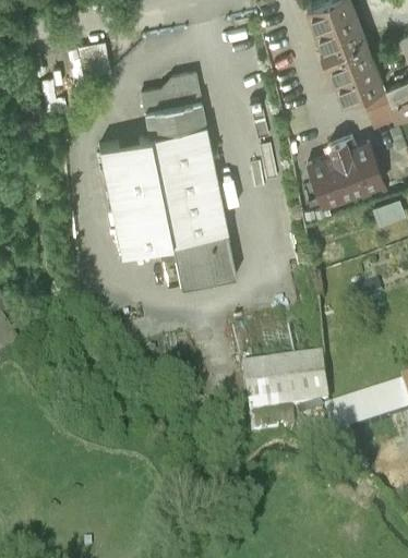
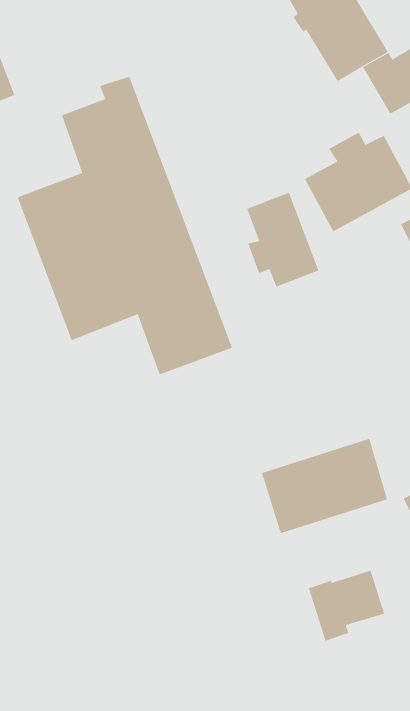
building: none -> [246,192,319,288]
building: none -> [308,570,385,642]

